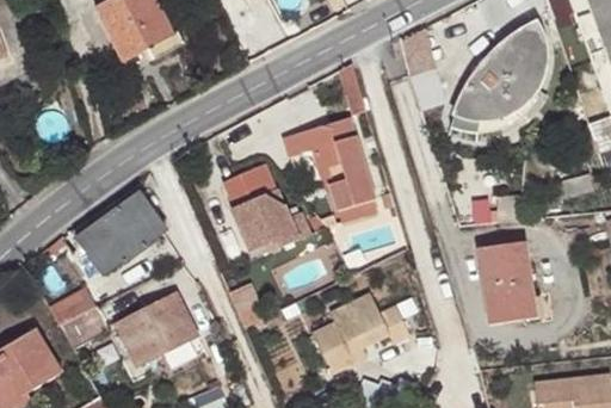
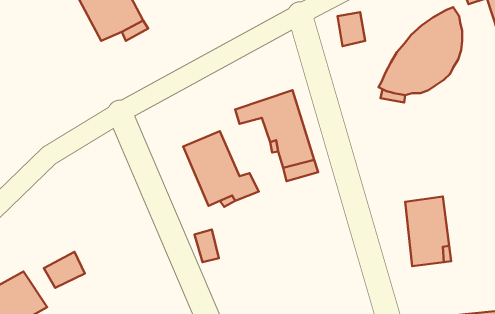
building: [79,193,166,272] -> none
building: [117,291,197,363] -> none
building: [313,292,412,372] -> none

